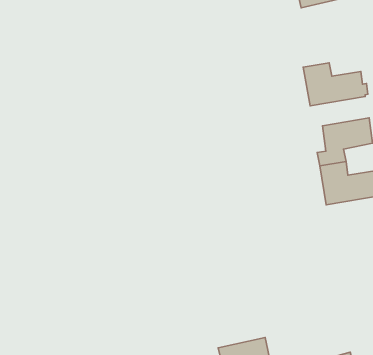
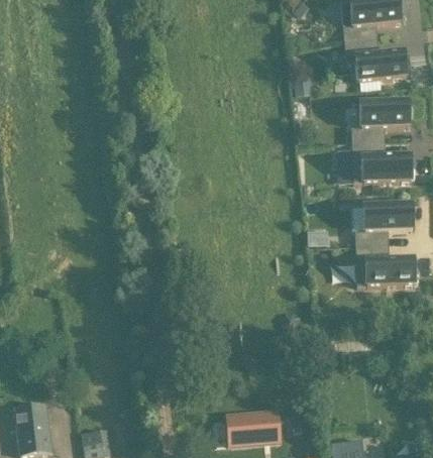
building: none -> [351,100,412,142]

